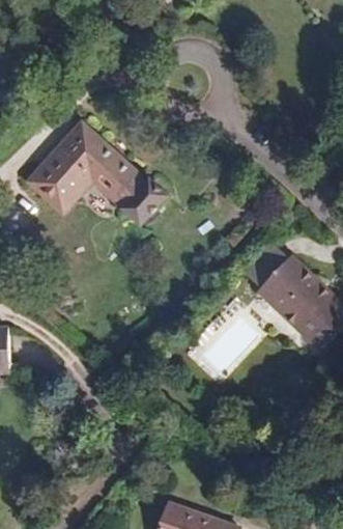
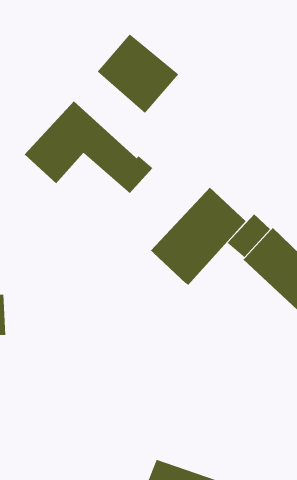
building: none -> [97,34,179,114]
building: none -> [150,187,247,286]

